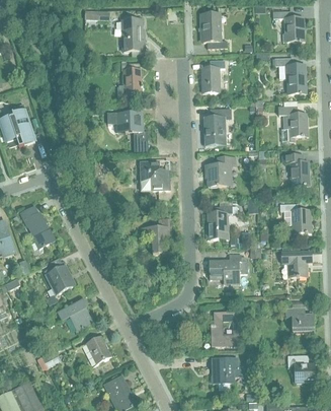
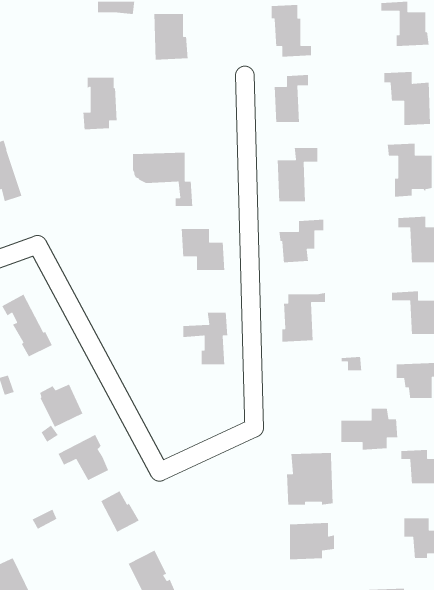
building: [118,62,142,97] -> [82,77,117,130]
building: [209,253,247,281] -> [340,408,398,450]

